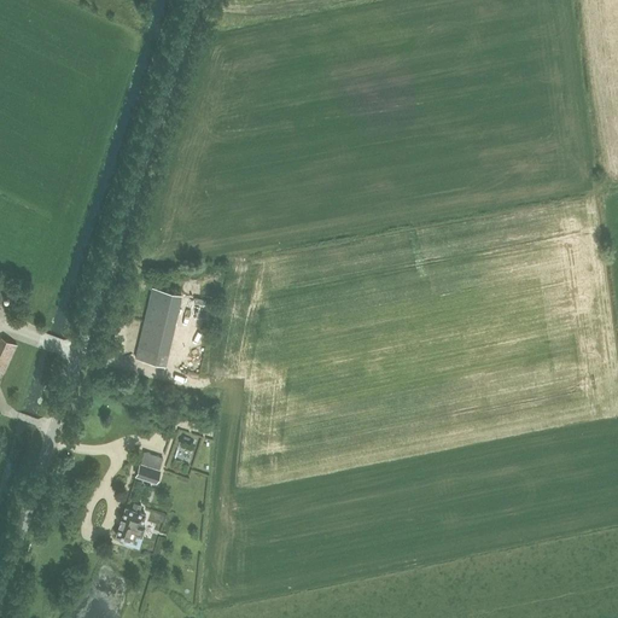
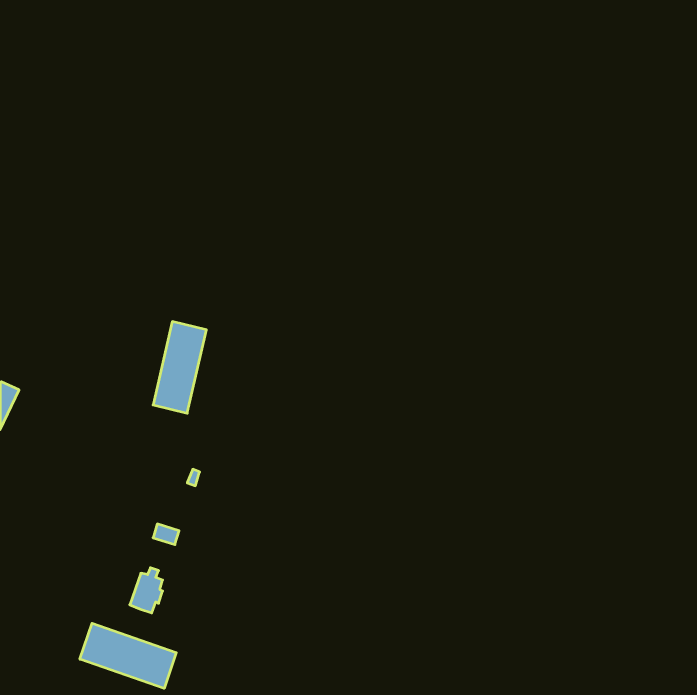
building: none -> [80,623,176,688]

